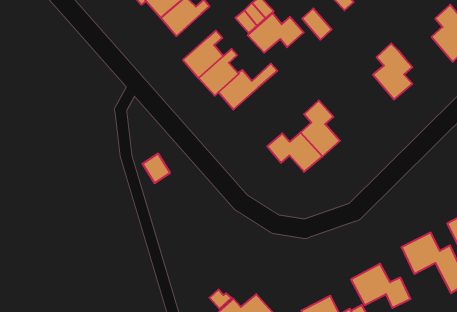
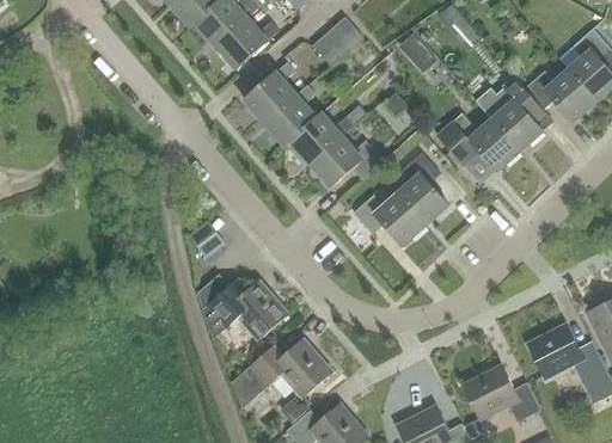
building: [248,13,304,53] -> [310,135,382,186]
building: none -> [525,69,595,122]
building: none -> [436,112,519,171]
building: none -> [197,273,287,338]
building: none -> [232,339,331,408]

